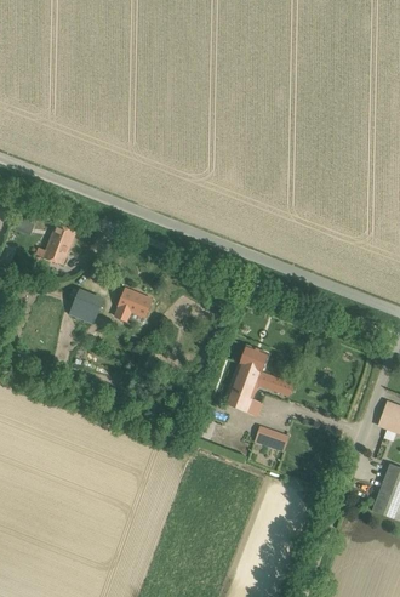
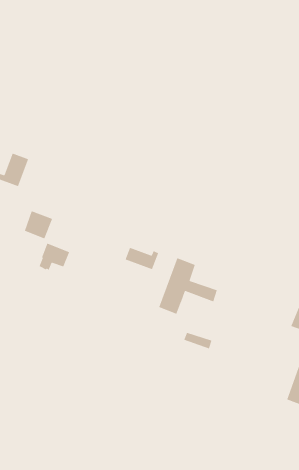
building: [115,288,152,320] -> [39,242,70,271]
building: none -> [125,247,159,270]

